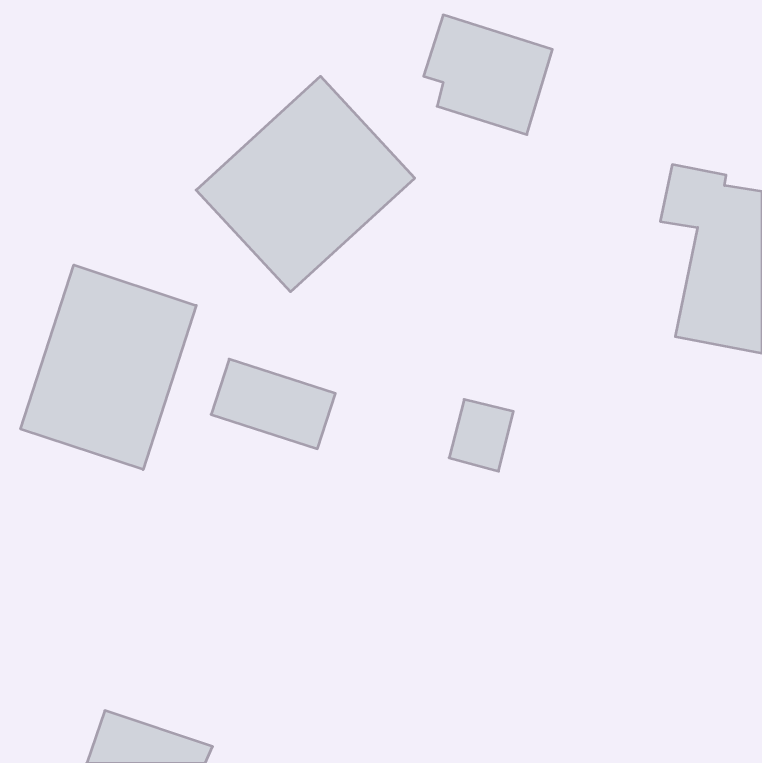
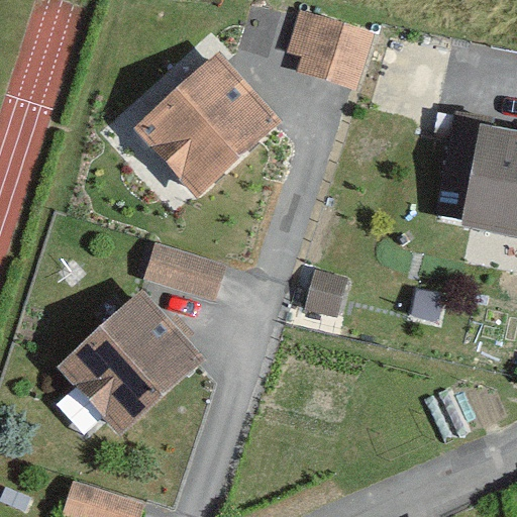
building: [21,265,196,470] -> none
building: none -> [57,290,203,435]

